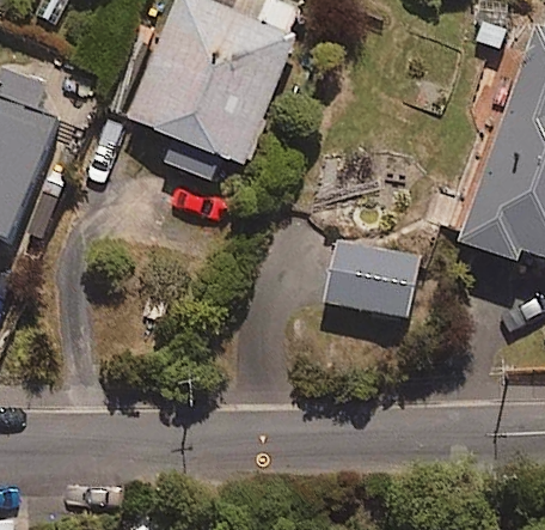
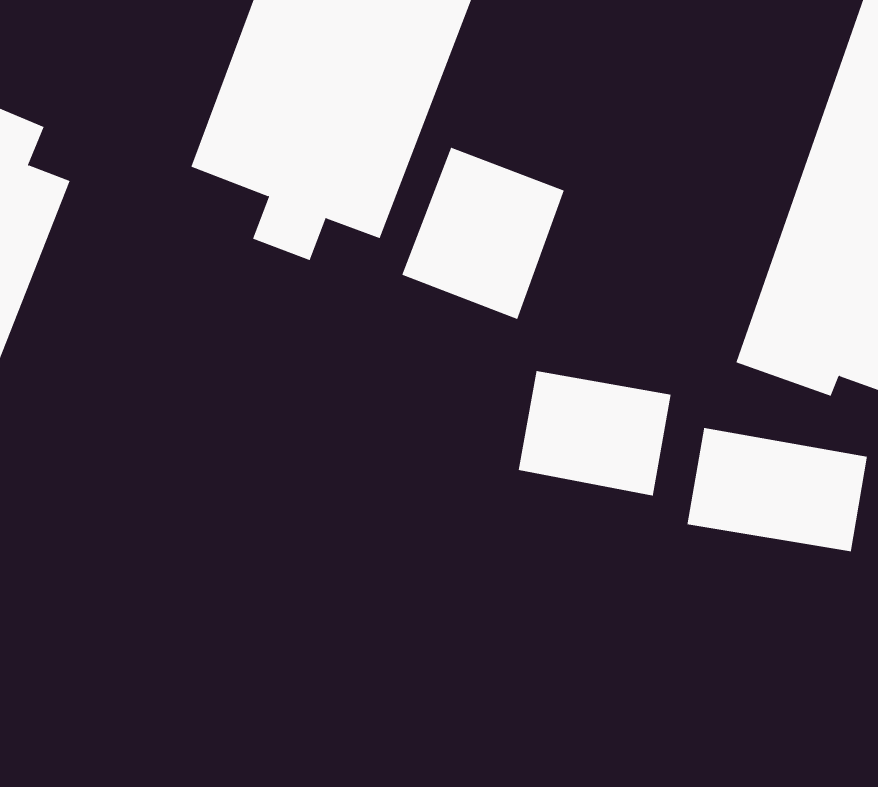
building: none -> [402,147,565,320]
building: none -> [687,427,868,552]

